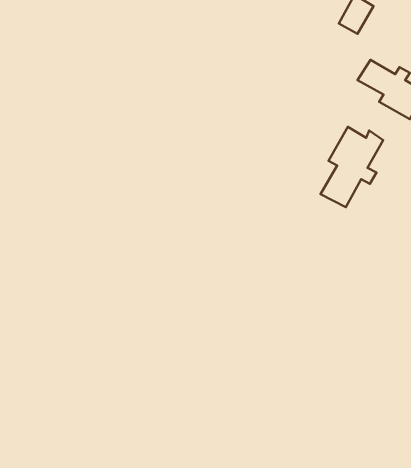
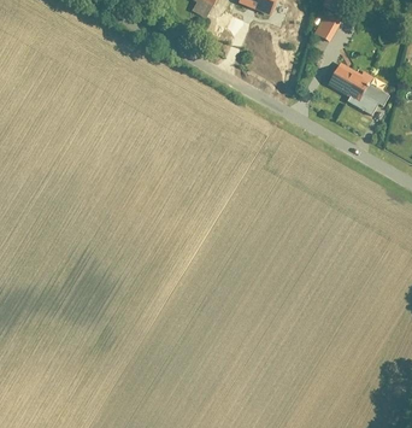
building: [320,127,383,207] -> none

